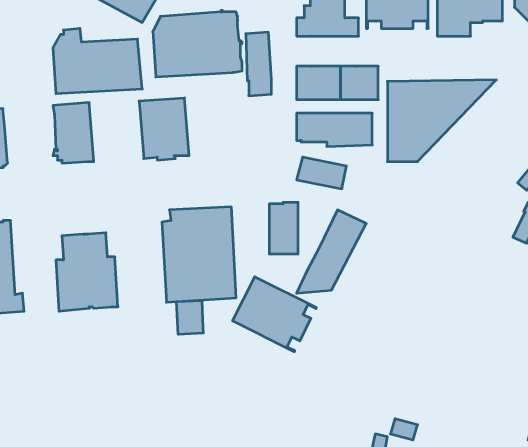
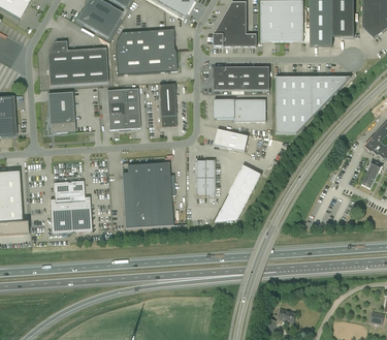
building: [246,32,271,96] -> [159,83,176,126]
building: [233,277,316,352] -> none
building: [177,300,203,334] -> none

